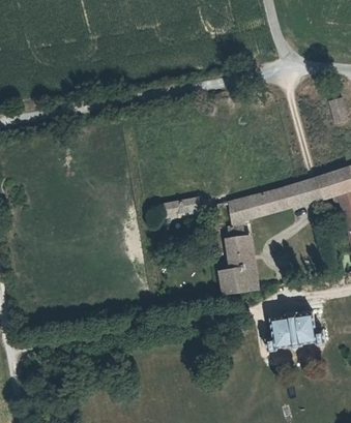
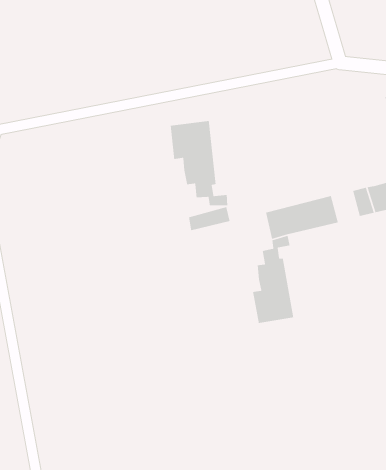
building: none -> [170,120,228,206]
building: [287,180,311,208] -> none
building: [263,312,321,355] -> none

